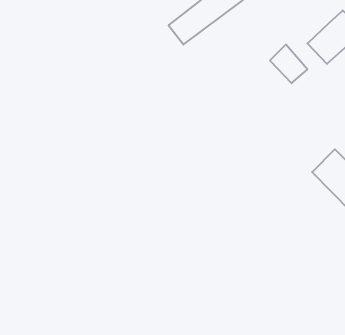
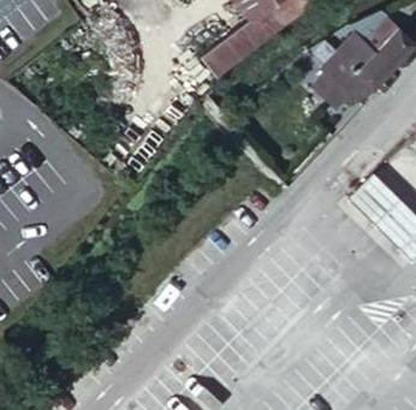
building: none -> [322,37,370,106]

